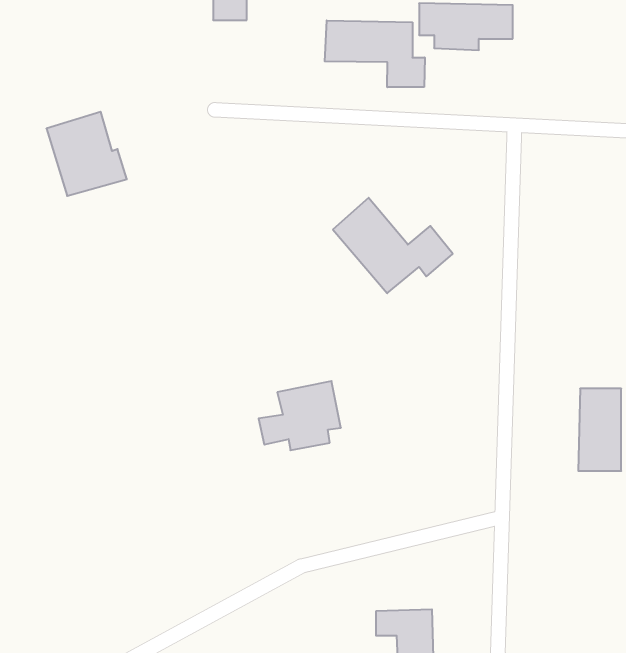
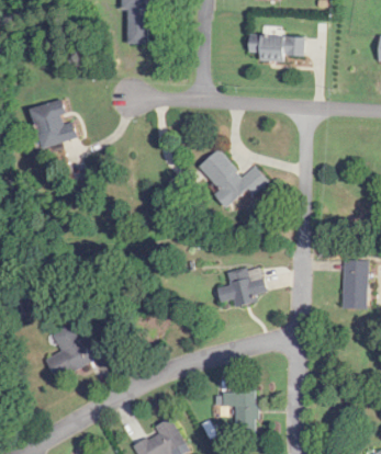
building: [325,20,425,87] -> none
building: [259,381,341,450] -> [216,266,265,307]
building: none -> [45,326,97,379]

